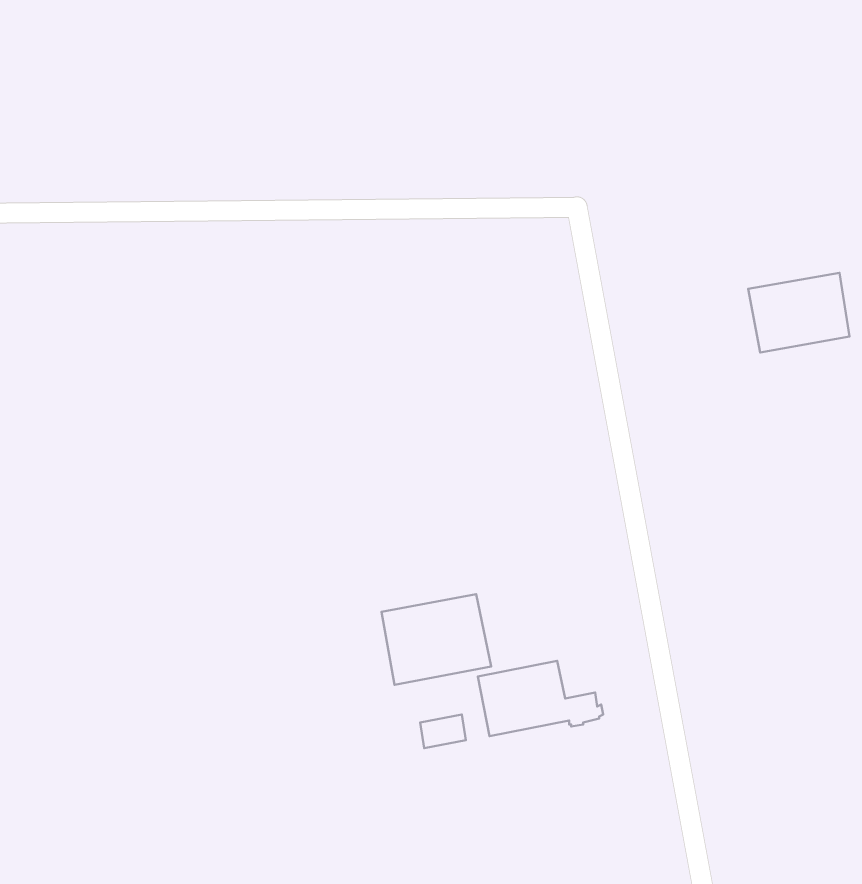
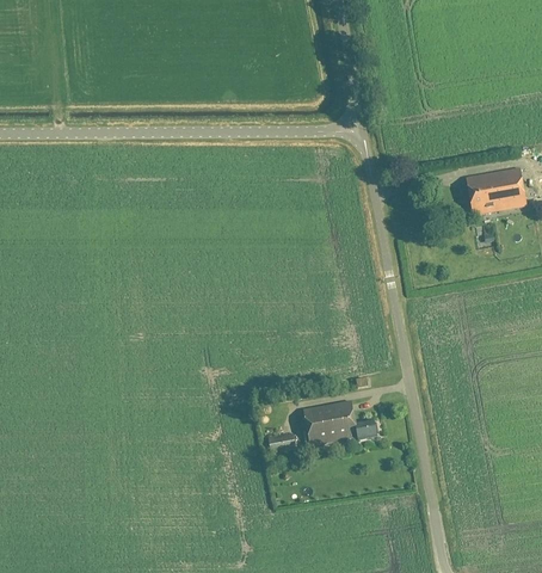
building: [381,594,491,685] -> none

